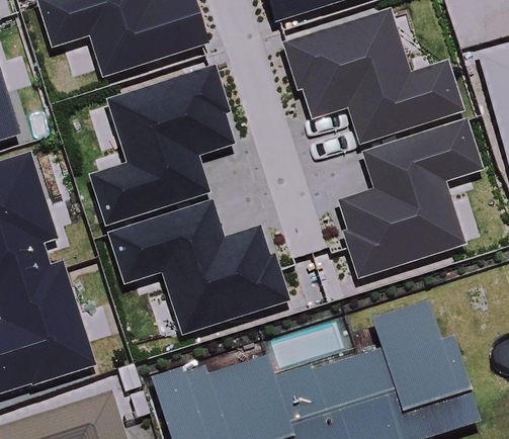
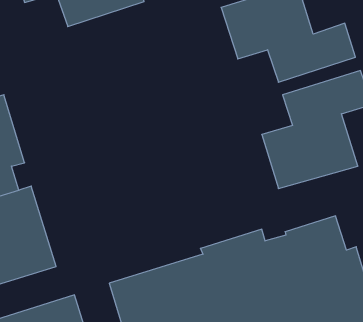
building: [93,71,229,218] -> none
building: [109,202,279,328] -> none

